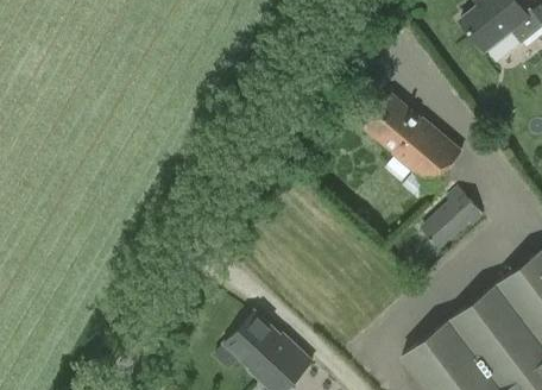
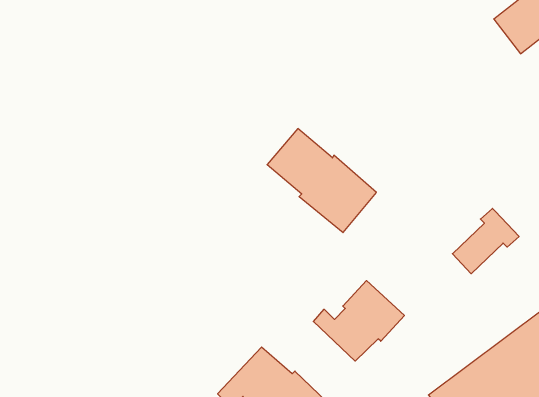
building: [365,94,462,187] -> [267,129,376,233]
building: none -> [313,281,404,361]

